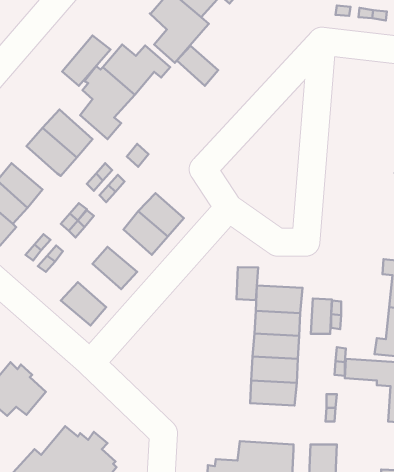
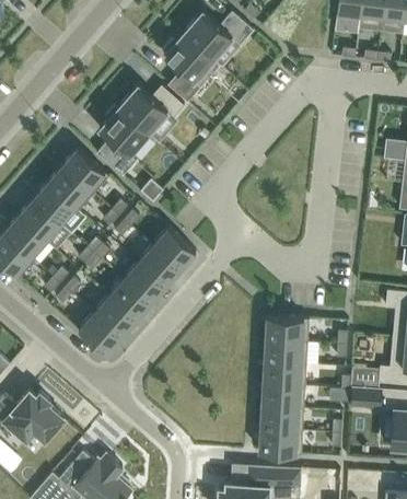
building: [62,35,111,86] -> none
building: [177,46,218,86] -> none
building: none -> [31,184,74,225]
building: none -> [123,264,165,304]
building: none -> [94,297,136,338]
building: [236,267,258,300] -> none
building: [311,299,332,334] -> none
building: none -> [258,430,302,455]

